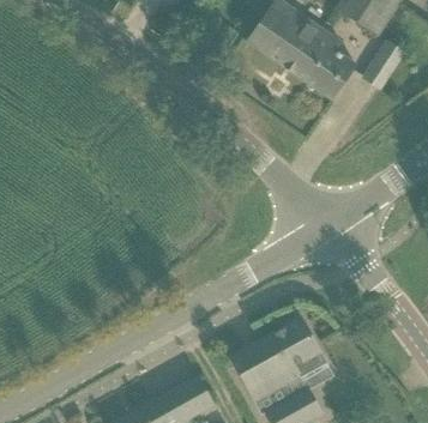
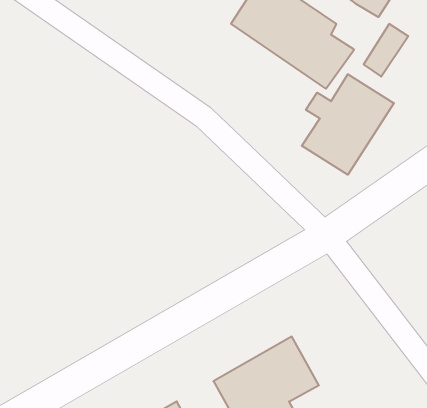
building: none -> [302,74,394,175]

